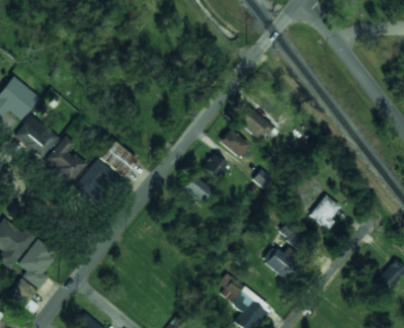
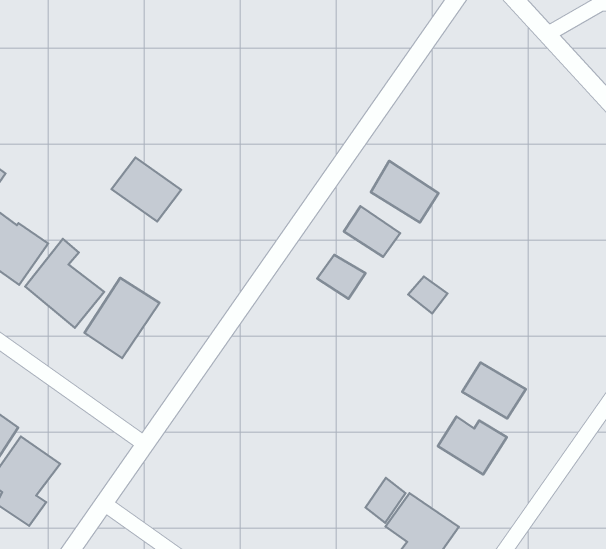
building: [100,142,138,177] -> [112,157,181,221]
building: [183,175,212,202] -> none
building: [309,195,340,231] -> none

